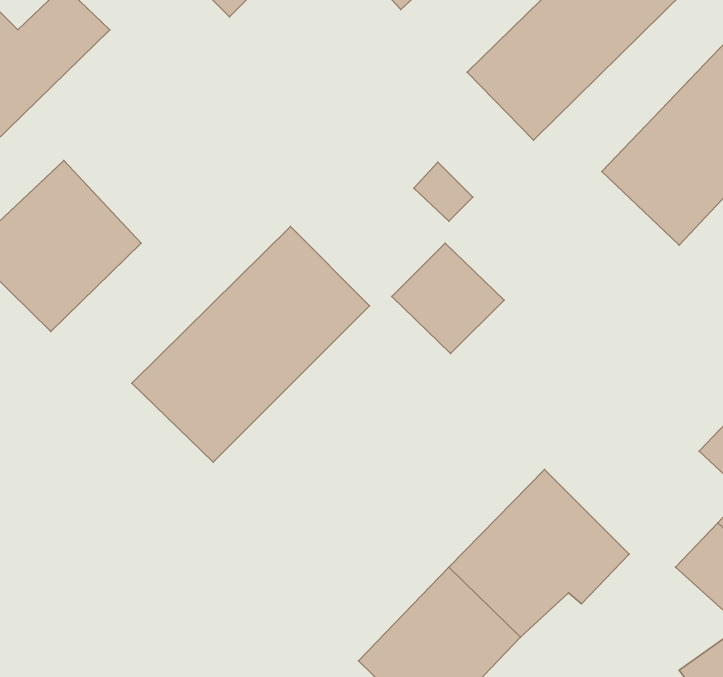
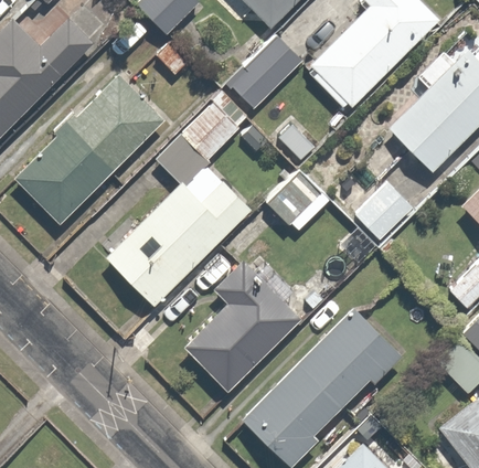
building: none -> [231,38,300,110]
building: none -> [66,73,166,171]
building: none -> [175,92,248,164]
building: none -> [354,180,412,240]
building: none -> [187,255,308,394]

